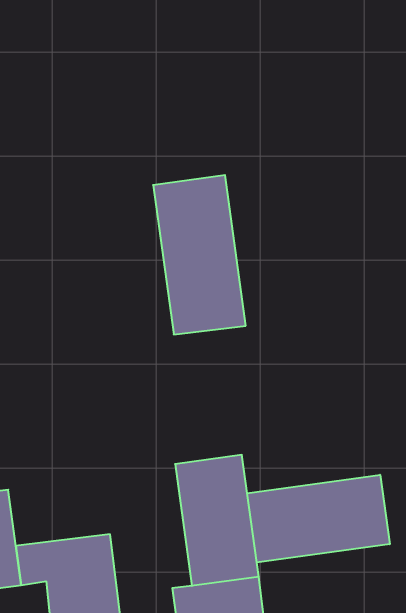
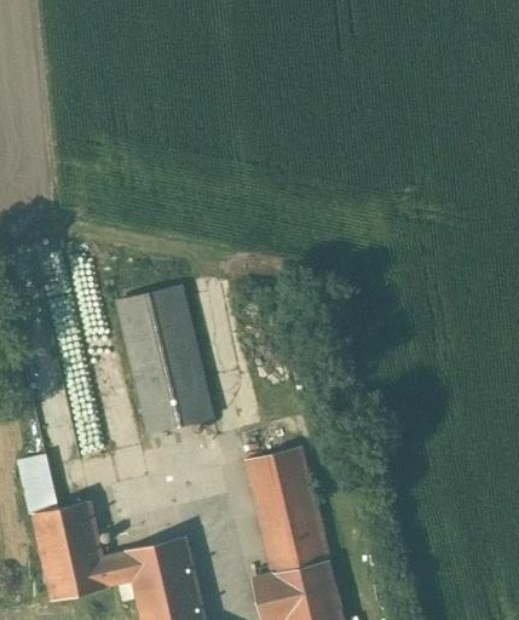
building: [153,175,246,334] -> [116,281,215,435]
building: [247,475,390,563] -> none

